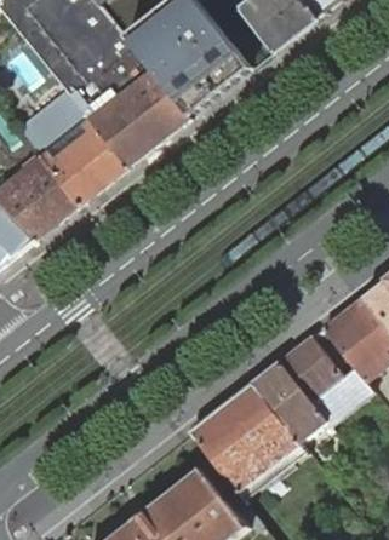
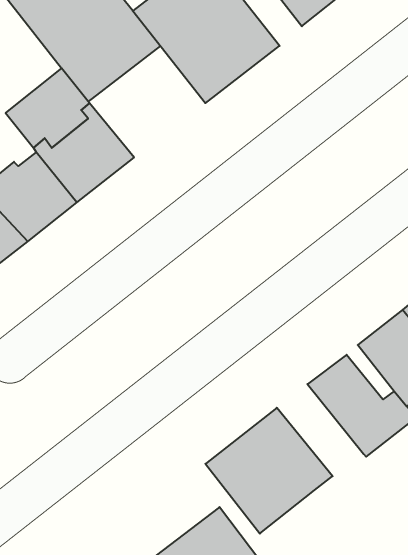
building: [87,69,189,166] -> none
building: [251,362,326,443] -> none

